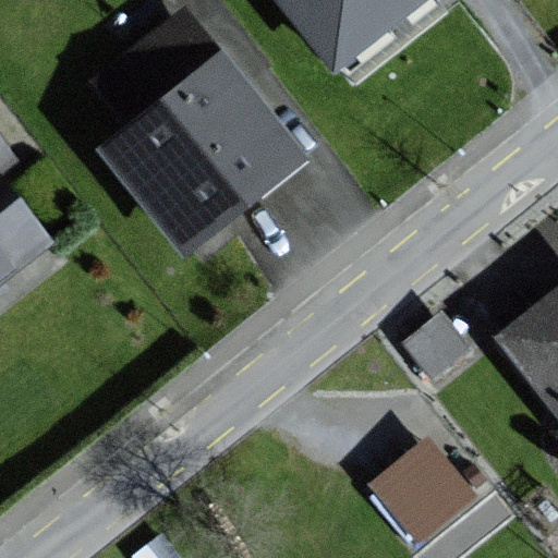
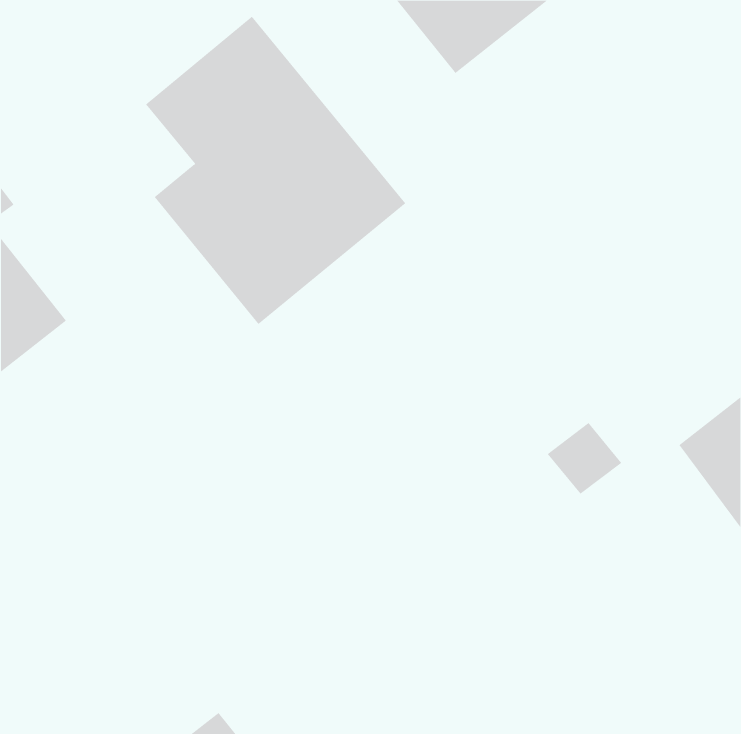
building: [379,447,473,541] -> none

